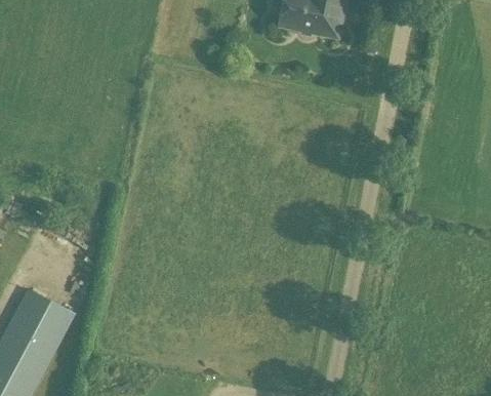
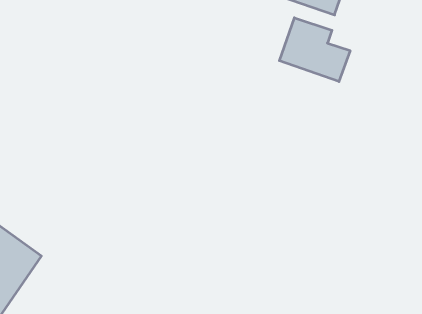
building: none -> [279,18,350,82]

